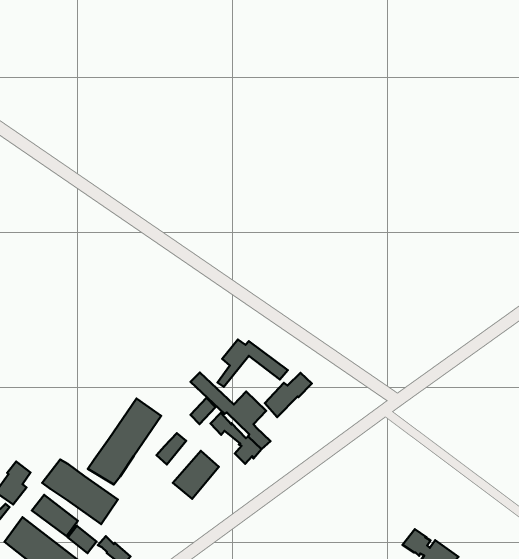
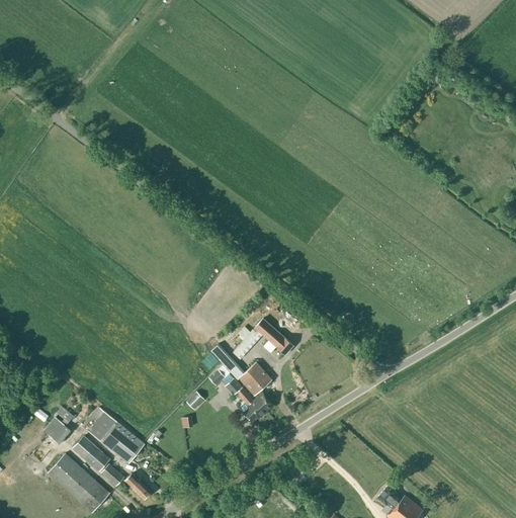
building: [265,373,312,417] -> none
building: [88,398,161,485] -> none
building: [173,451,219,499] -> none

